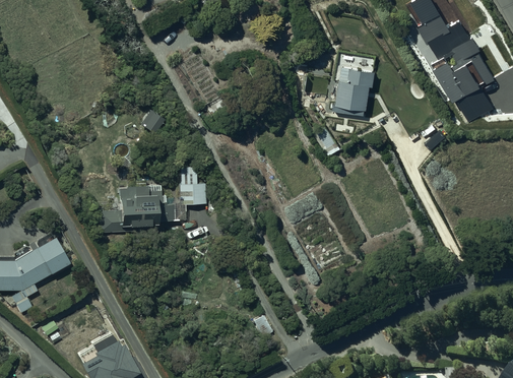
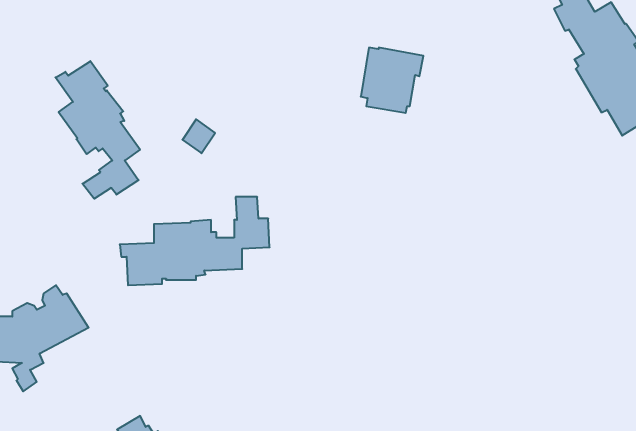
building: none -> [55,61,140,199]
building: [329,67,376,116] -> [361,48,423,113]

